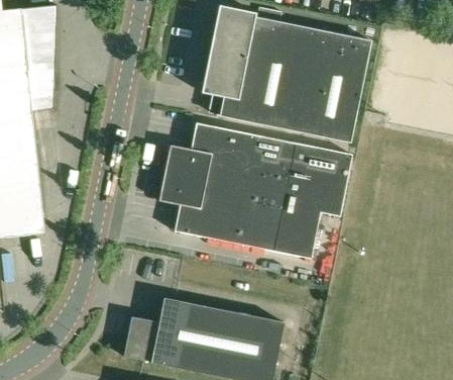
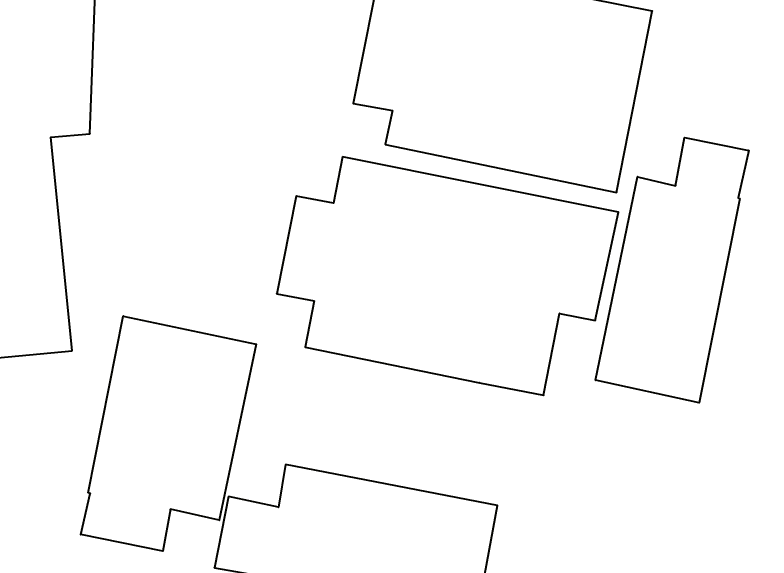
building: none -> [596,138,749,403]
building: none -> [81,316,256,551]

